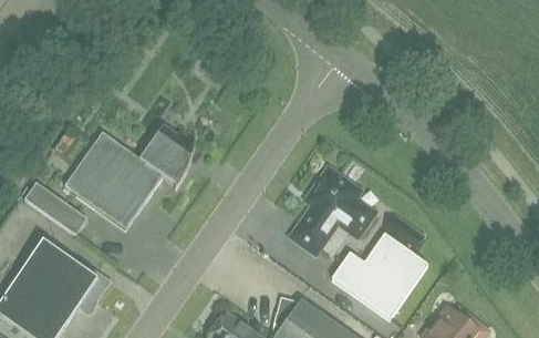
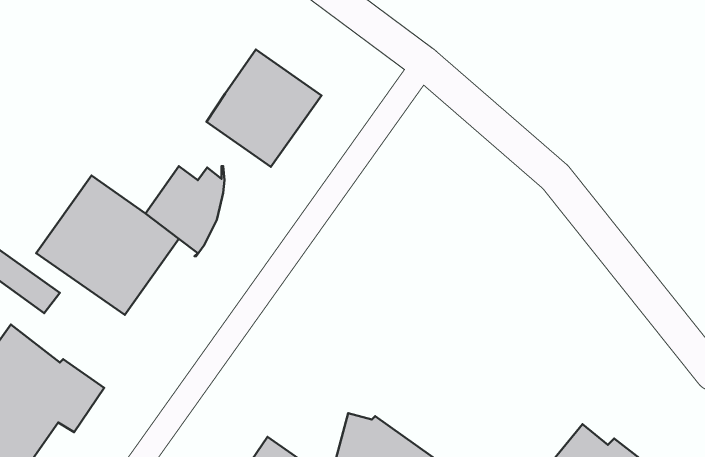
building: none -> [207,50,322,167]
building: [290,175,374,254] -> none
building: [331,234,427,319] -> none

